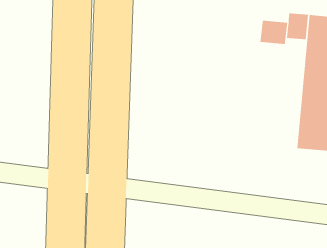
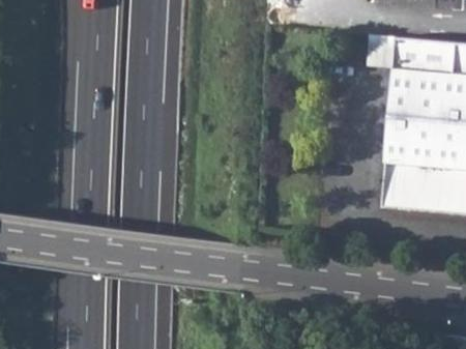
building: [260,20,288,45] -> none

